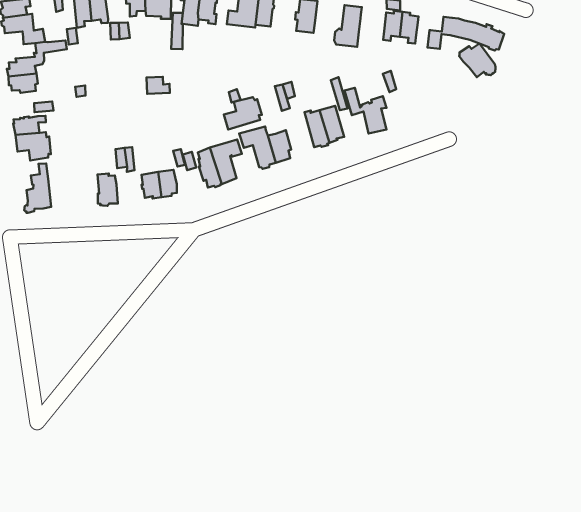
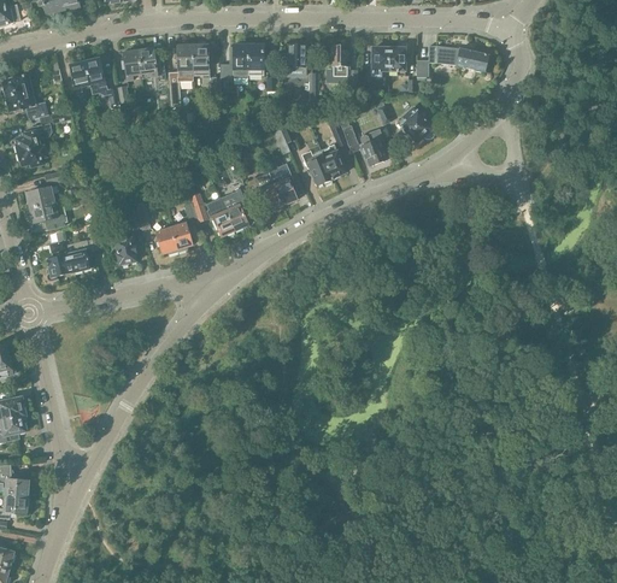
building: [459,44,496,77] -> [398,108,434,141]
building: [224,97,262,129] -> none
building: none -> [66,232,101,271]

